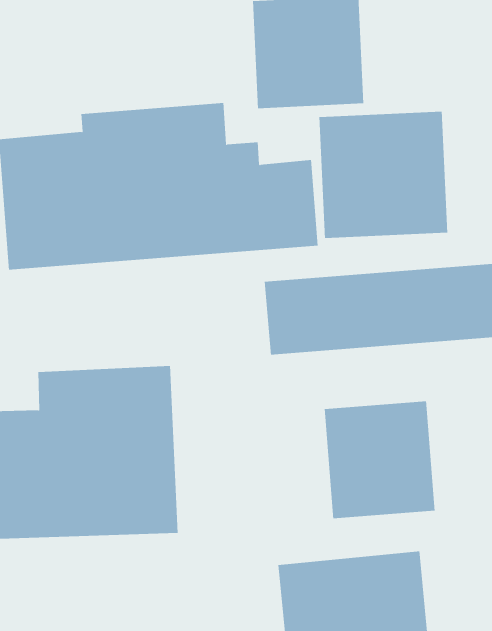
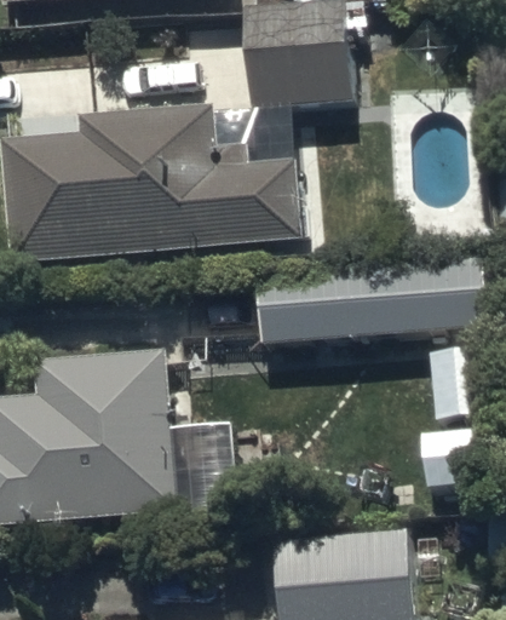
building: [319,111,448,239] -> none
building: [324,401,435,519] -> none

